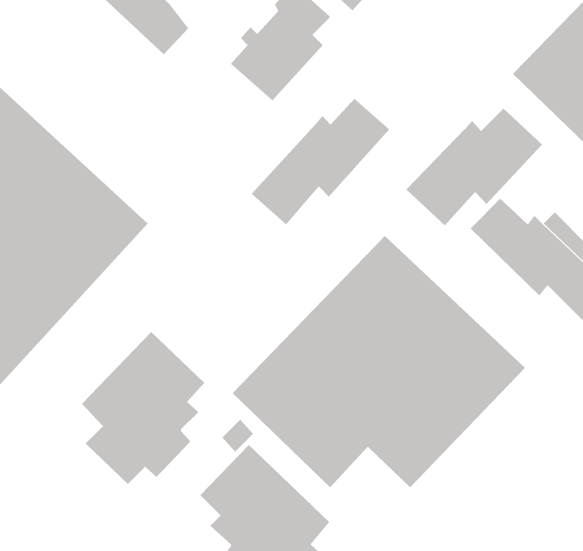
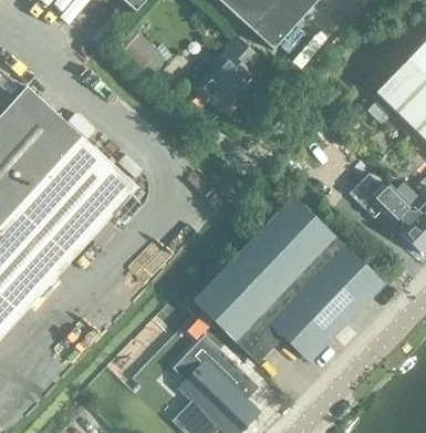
building: [251,98,390,225] -> none
building: [406,108,543,226] -> none
building: [81,331,205,485] -> none

